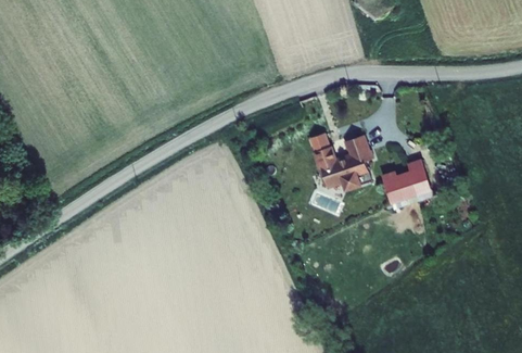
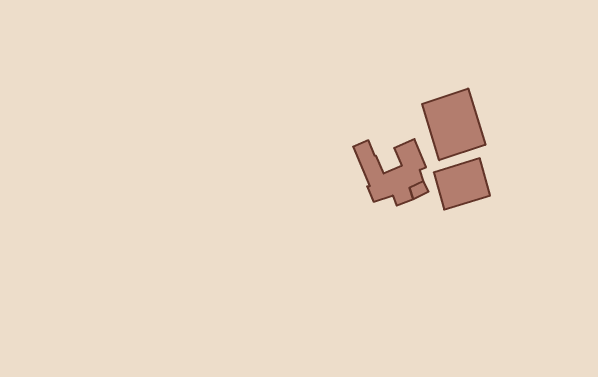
building: none -> [422,88,485,160]

